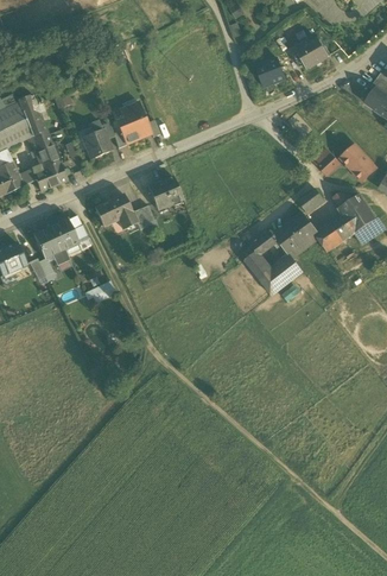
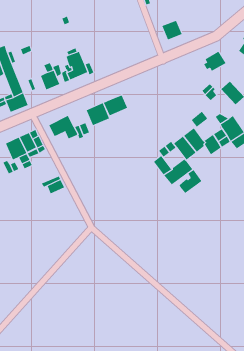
building: [294,38,328,68] -> [203,51,226,72]
building: none -> [103,95,128,116]
building: none -> [179,169,202,194]

